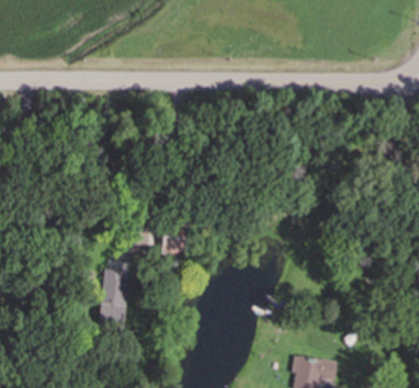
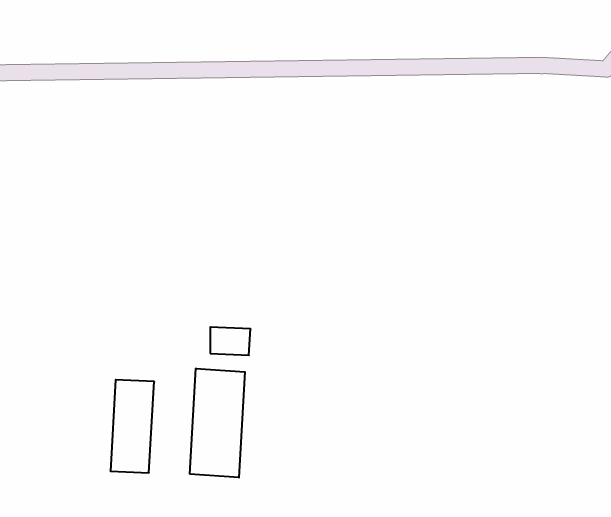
building: none -> [190,368,245,478]

